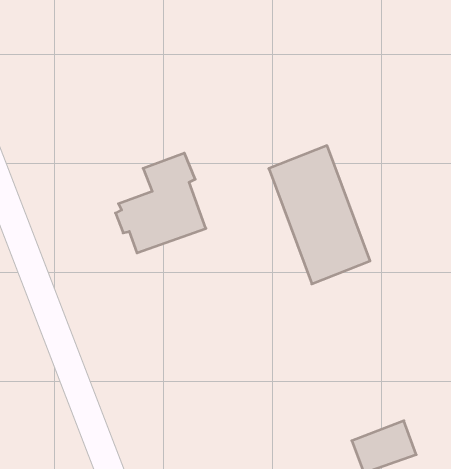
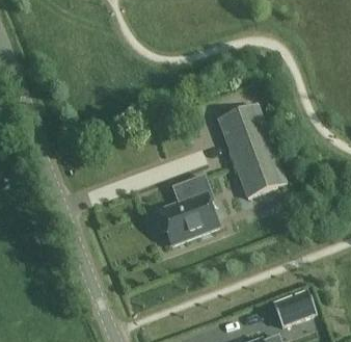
building: [115,153,206,253] -> [158,175,219,242]

